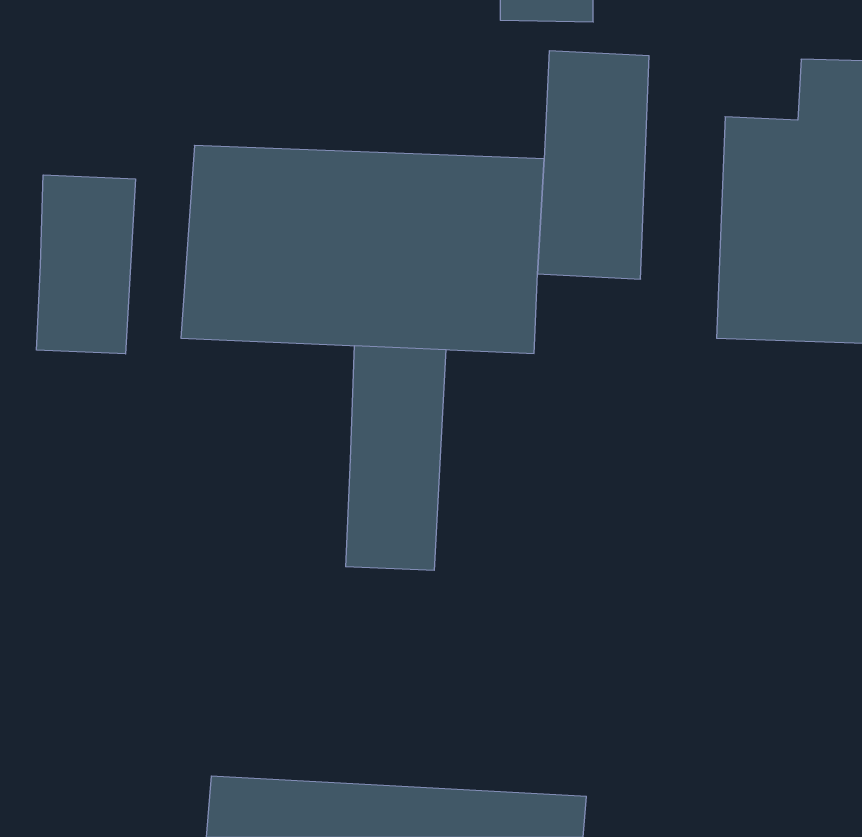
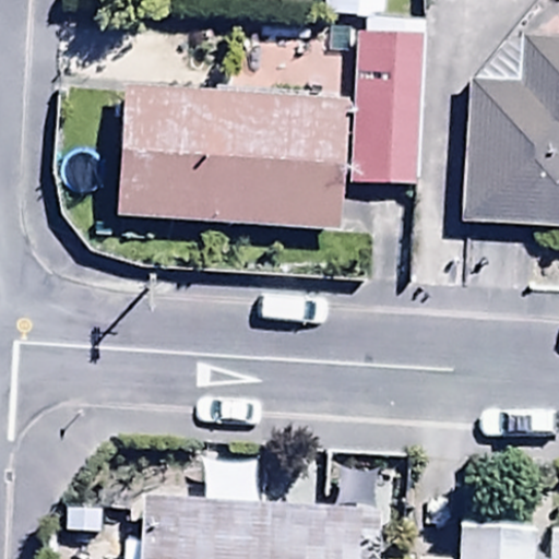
building: [37,175,135,354] -> none
building: [346,346,446,570] -> none

